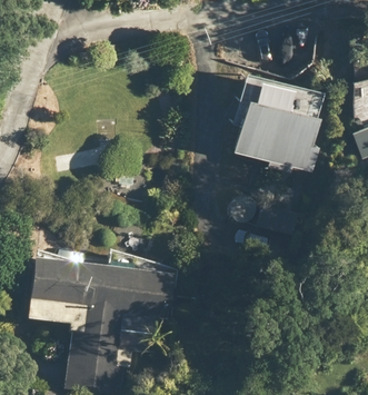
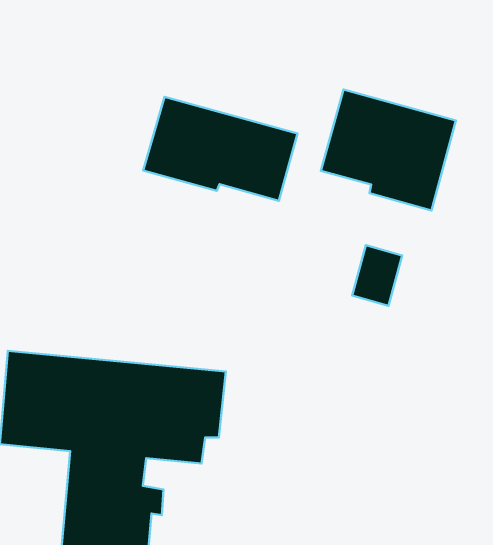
building: none -> [143,97,297,201]

